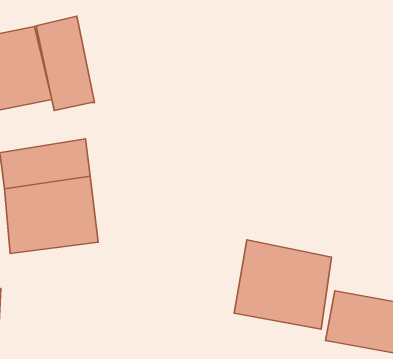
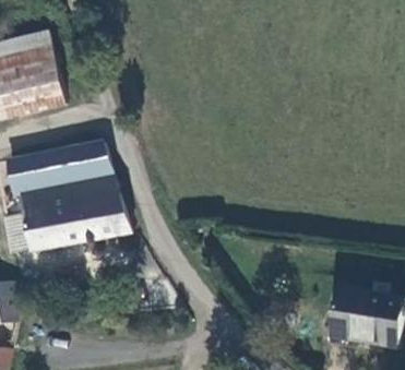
building: [36,16,94,111] -> none
building: [234,240,332,329] -> none

